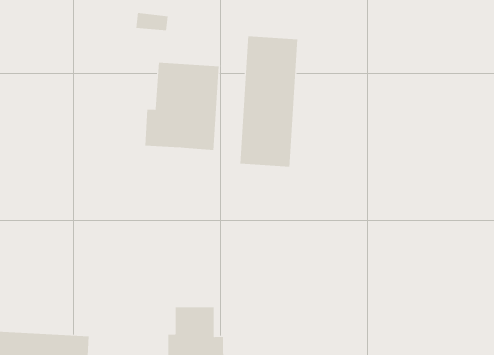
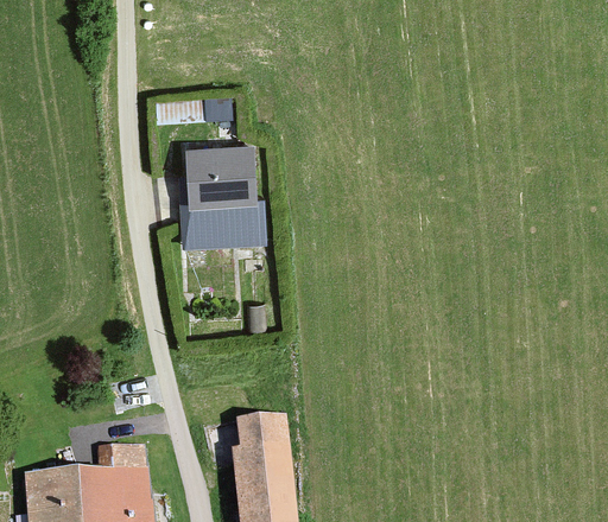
building: [240,35,298,168] -> none

